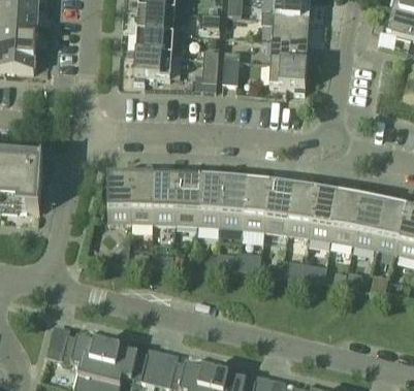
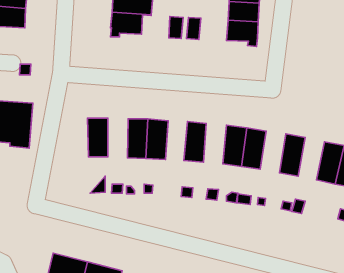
building: [130,173,154,220] -> none
building: [197,176,223,223] -> none
building: [242,180,268,227] -> none
building: [308,189,338,237] -> none
building: [352,196,383,246] -> none

